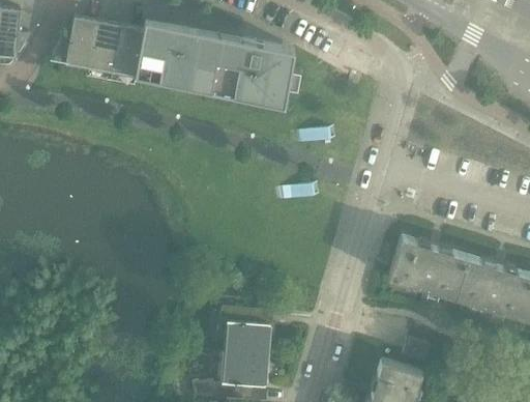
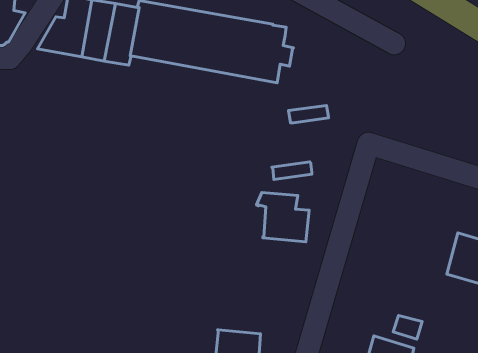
building: [388,237,466,297] -> none
building: [217,308,270,357] -> [257,193,309,242]

